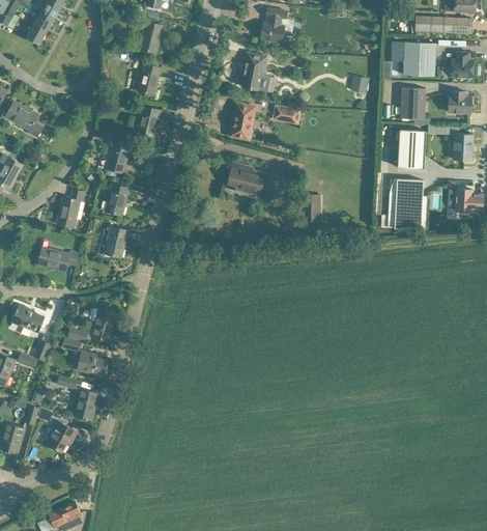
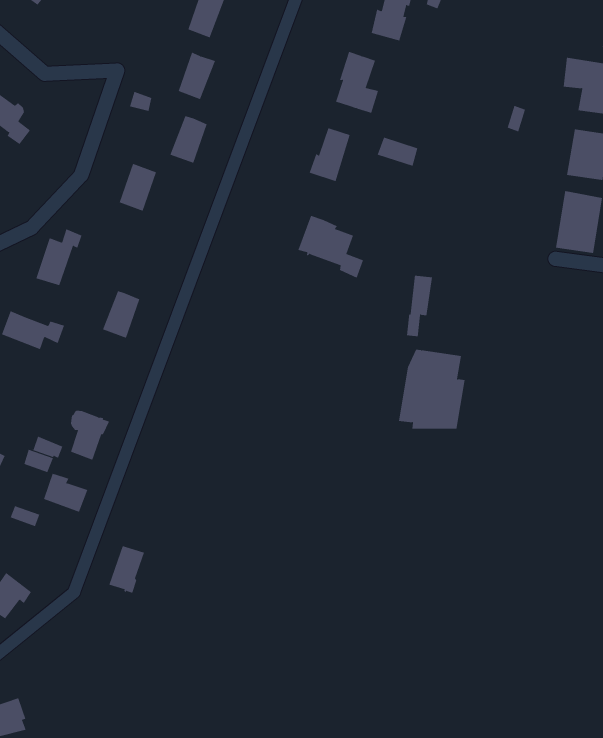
building: [386,178,428,231] -> [398,349,465,429]
building: [106,184,128,215] -> none
building: [75,389,96,420] -> [109,545,145,594]

